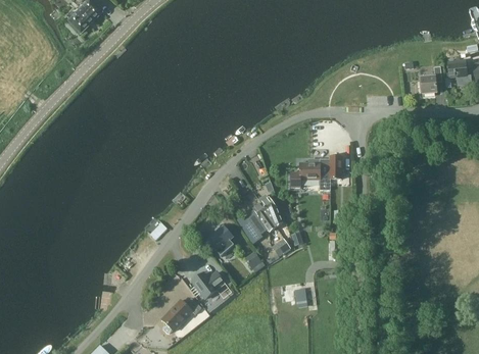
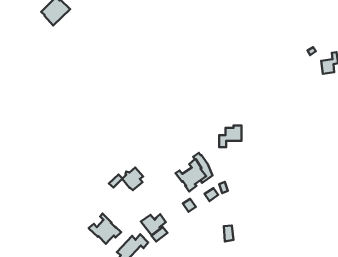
building: [320,155,341,189] -> none
building: [207,225,234,254] -> [122,168,143,190]
building: none -> [89,213,121,244]

